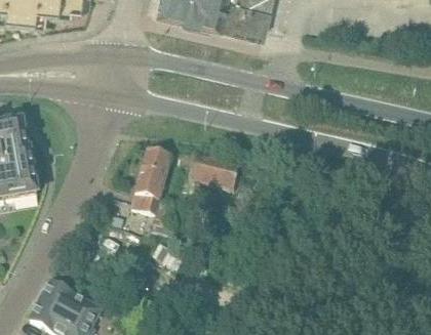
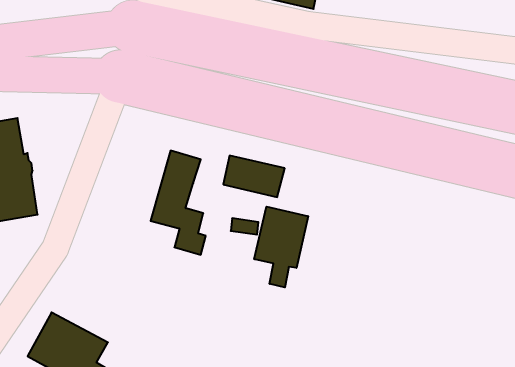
building: none -> [254,207,308,287]

